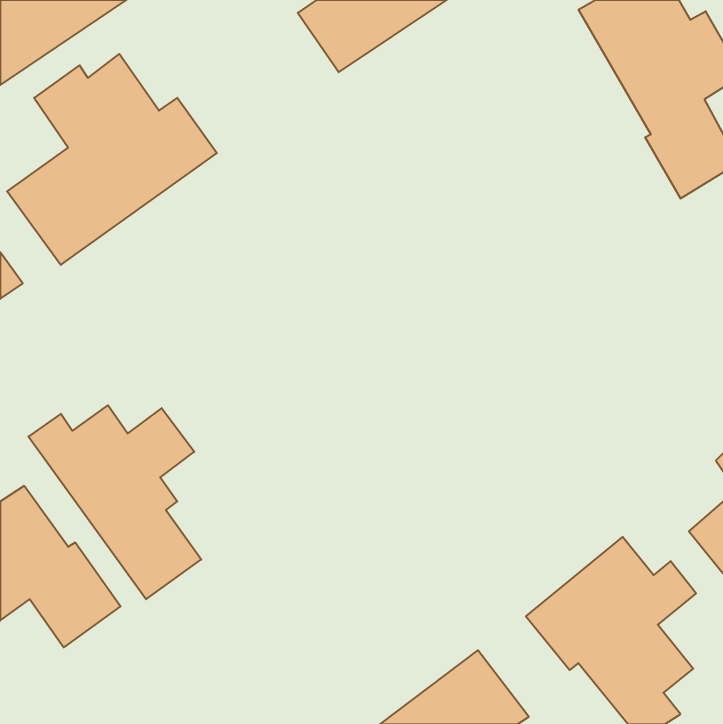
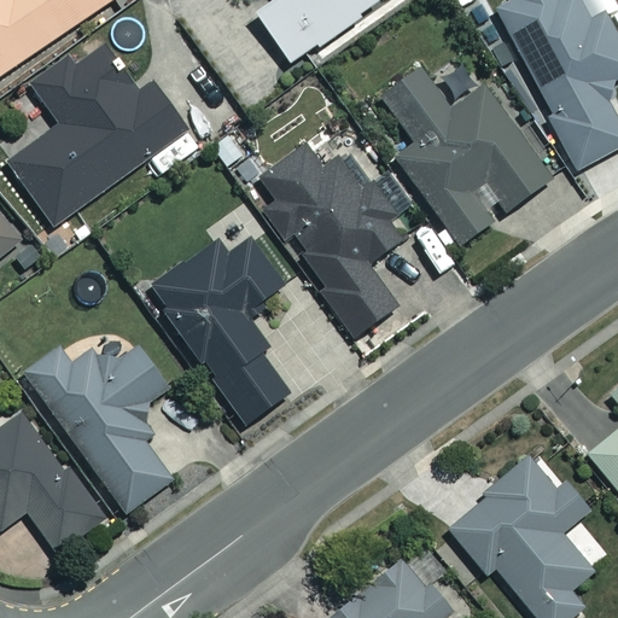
building: none -> [385,68,549,243]
building: none -> [256,146,403,339]
building: none -> [144,238,291,425]

